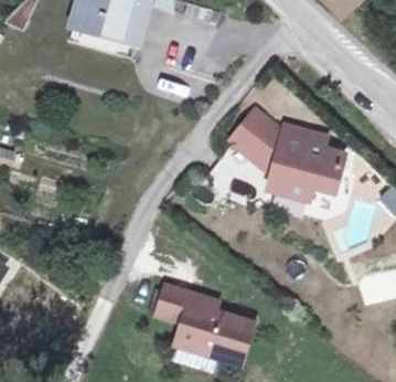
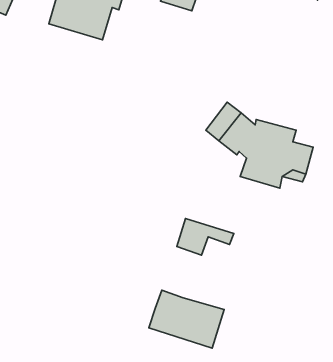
building: [154,285,213,322] -> [177,219,234,255]

